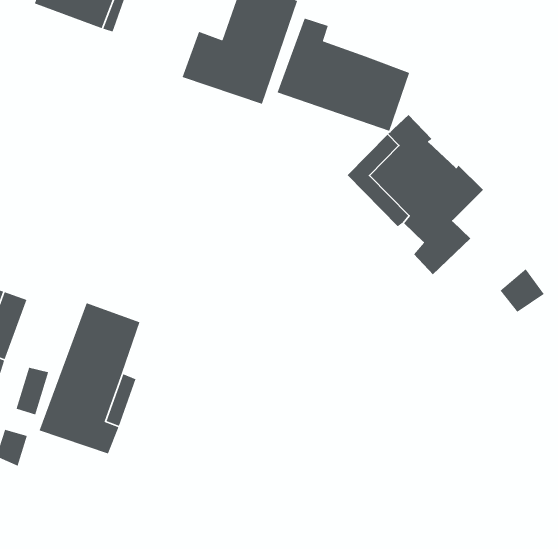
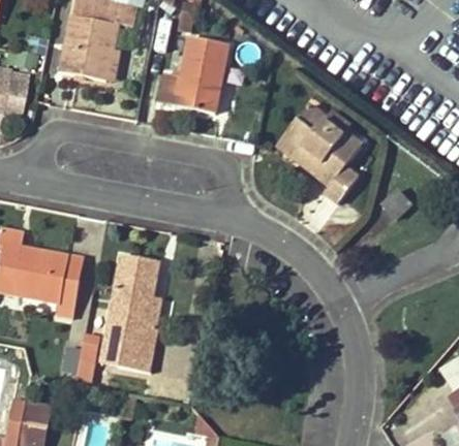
building: [276,18,410,132] -> none
building: none -> [100,340,152,374]

